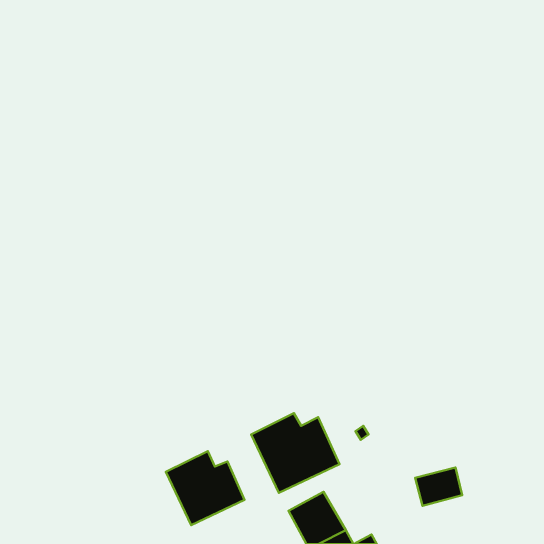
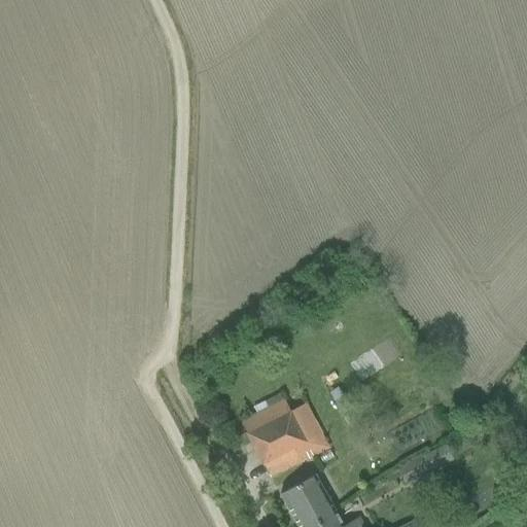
building: [166,451,244,525] -> none

